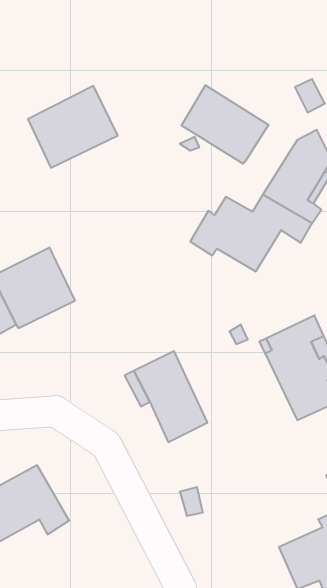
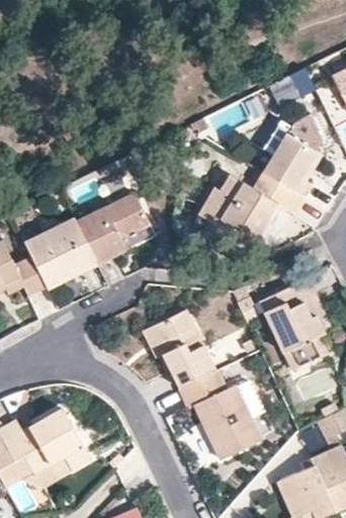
building: [181,85,268,164] -> none
building: [28,86,118,168] -> [77,192,156,264]
building: none -> [179,369,260,457]

